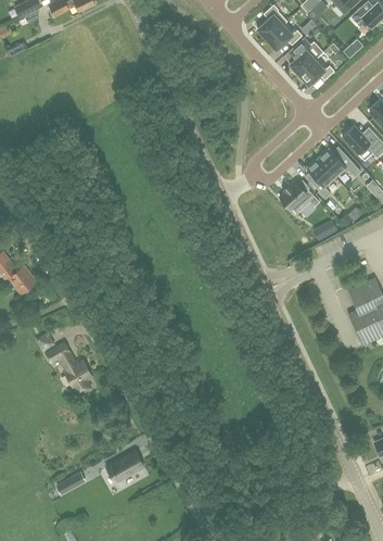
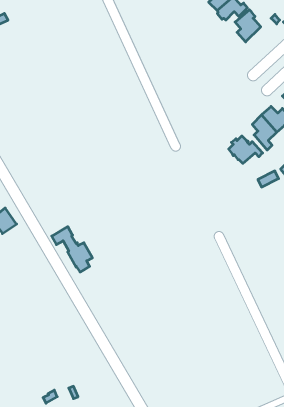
building: [299,56,334,84] -> none
building: [46,341,92,393] -> [52,227,92,272]
building: [111,450,144,478] -> none

